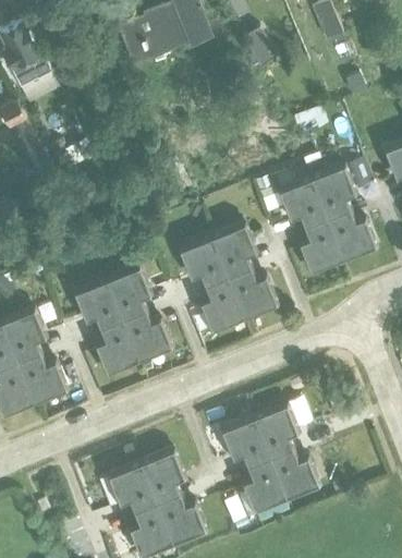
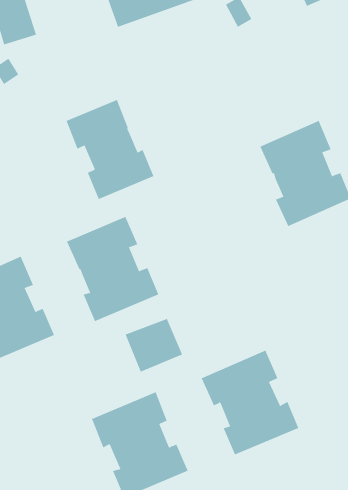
building: none -> [66,99,154,200]
building: [185,221,281,332] -> none
building: none -> [125,318,183,373]

